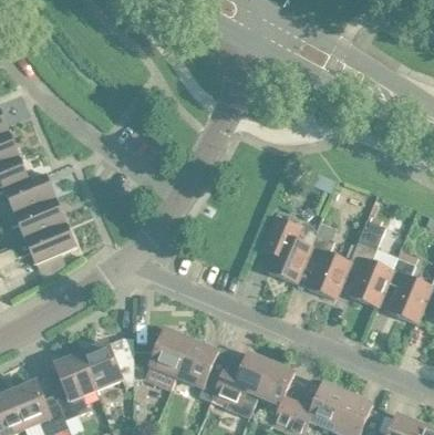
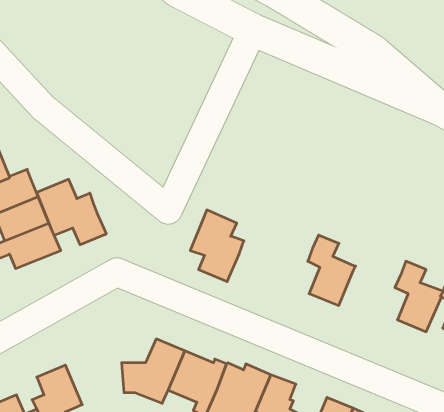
building: none -> [37,179,106,245]
building: [261,216,311,282] -> [190,210,244,282]
building: [349,220,393,307] -> none
building: [82,338,136,390] -> none

